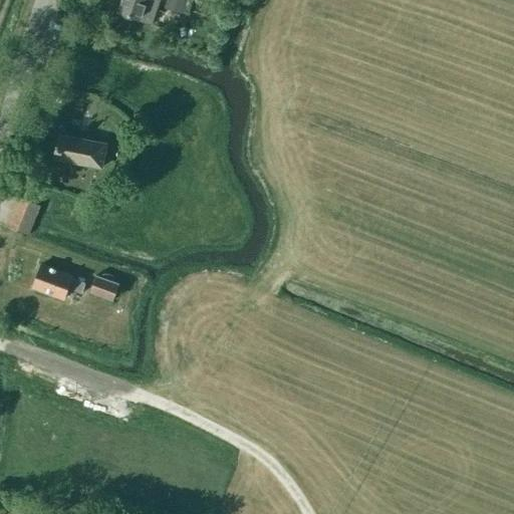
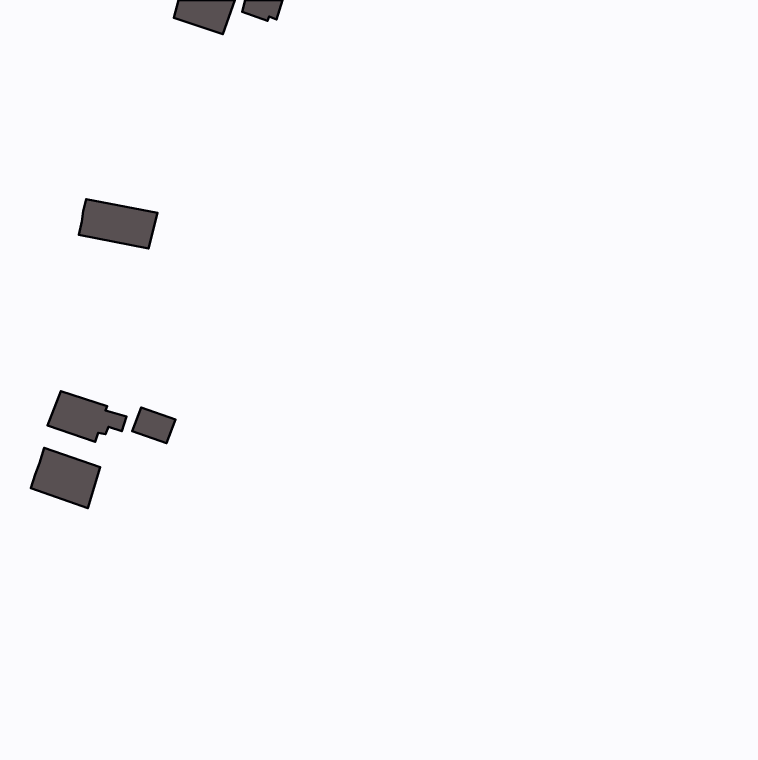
building: [5,196,40,236] -> none
building: none -> [31,448,100,508]

